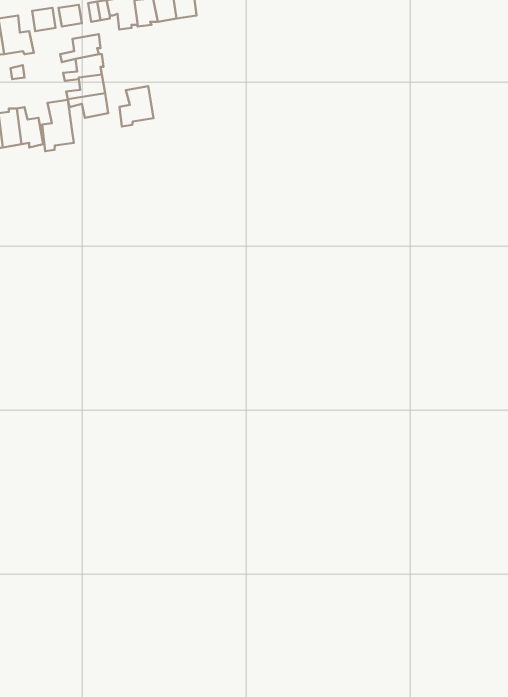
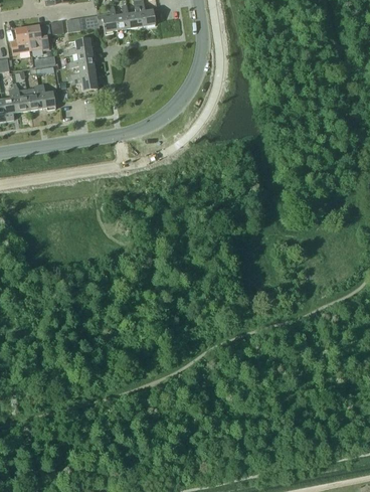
building: [119,86,154,126] -> none
building: [42,100,74,151] -> none

